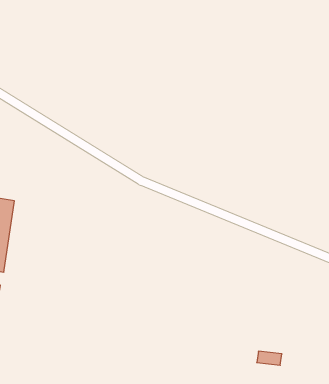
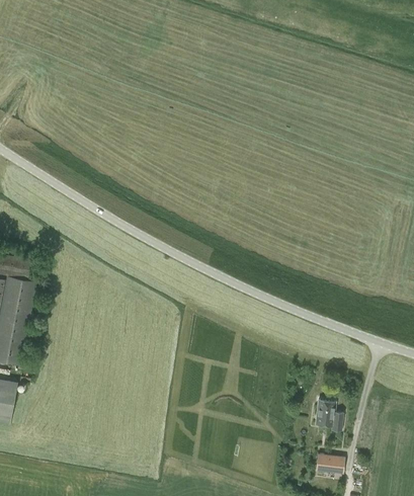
building: none -> [318,400,346,432]

